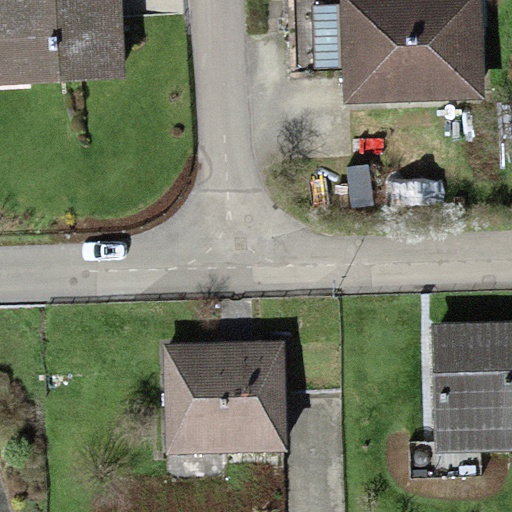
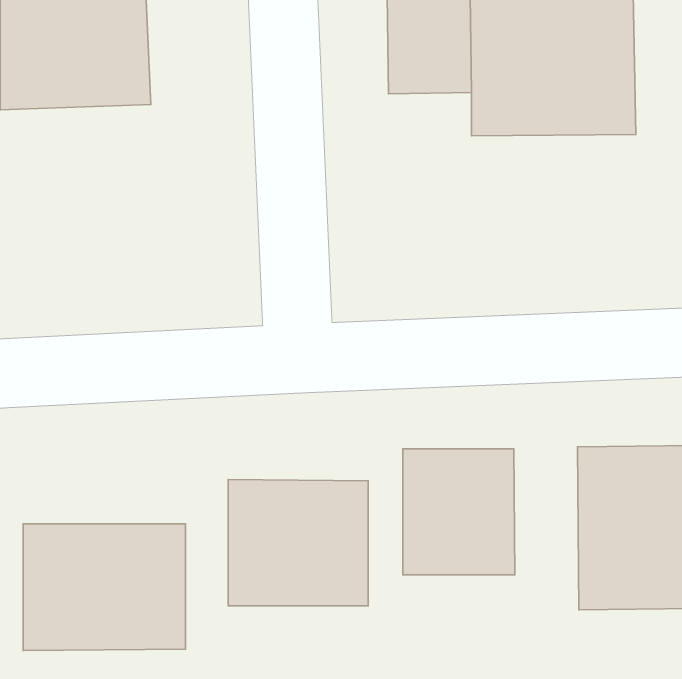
building: none -> [403,449,515,575]
building: none -> [23,524,185,650]

